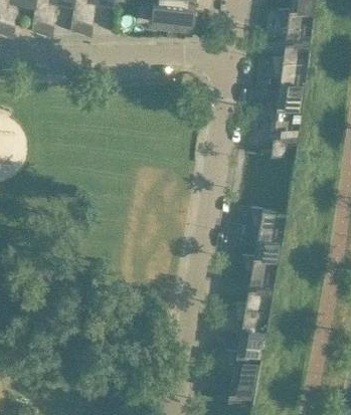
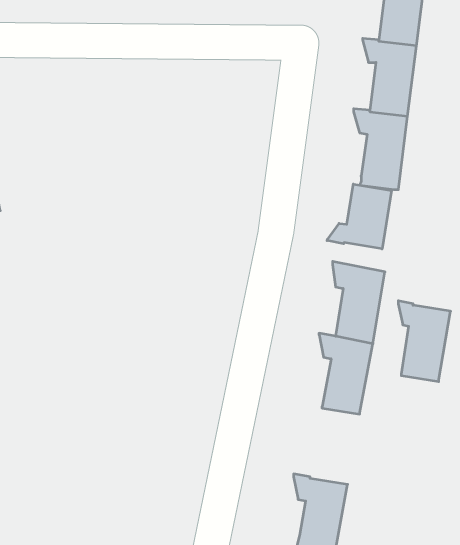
building: none -> [327,184,391,249]
building: [233,305,269,360] -> [398,301,451,382]

